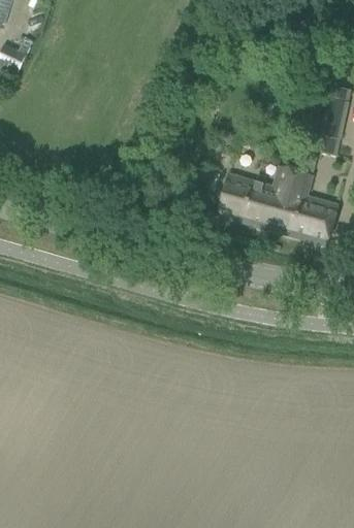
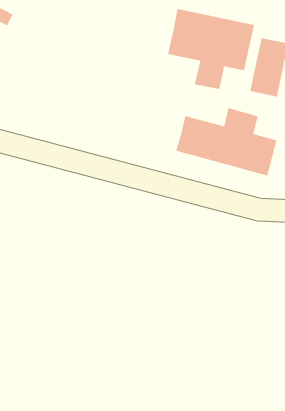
building: none -> [167,8,255,90]

